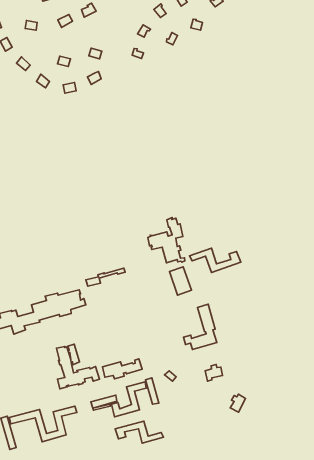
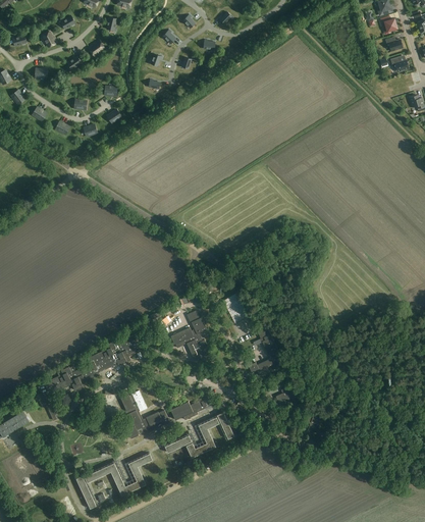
building: [148,218,185,263] -> [171,312,213,359]
building: [190,248,241,272] -> none
building: [115,421,163,443] -> none

